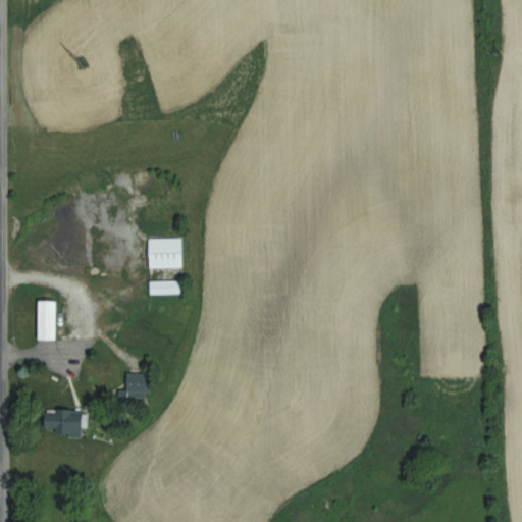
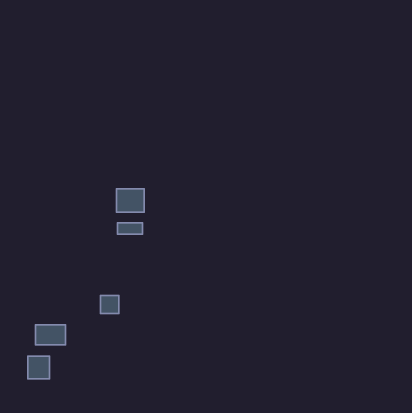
building: [37,301,55,341] -> none
building: none -> [28,356,49,379]

